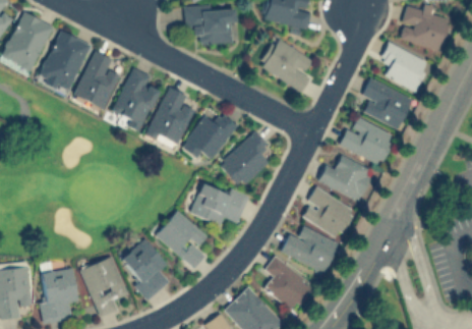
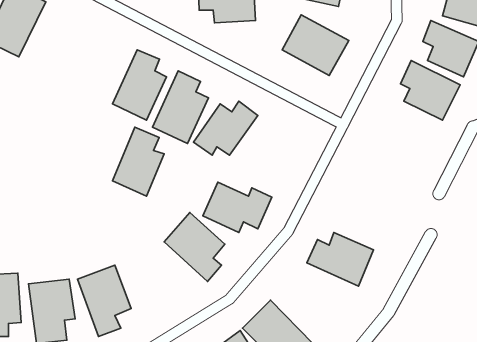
building: [37,31,90,94] -> none
building: [73,51,118,111] -> [113,127,164,196]
building: [339,116,396,165] -> none
building: [220,130,269,188] -> none
building: [317,156,374,202] -> none
building: [299,187,355,239] -> none
building: [119,238,169,298] -> none
building: [263,257,313,312] -> none

